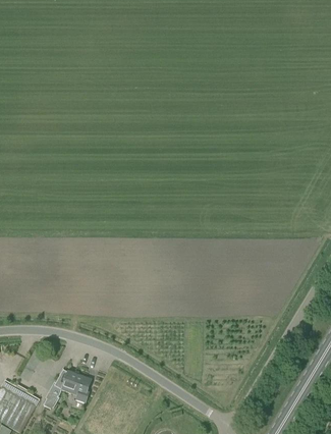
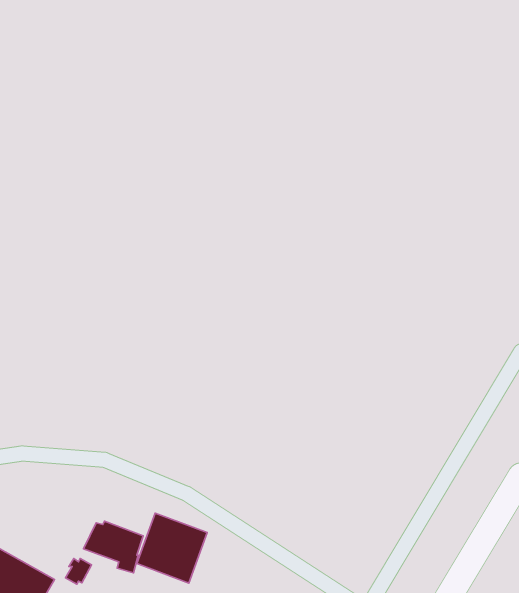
building: none -> [137,513,207,583]

